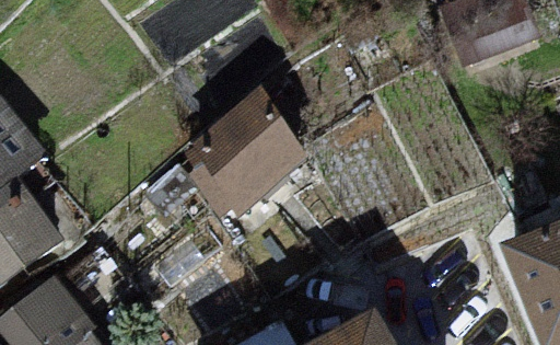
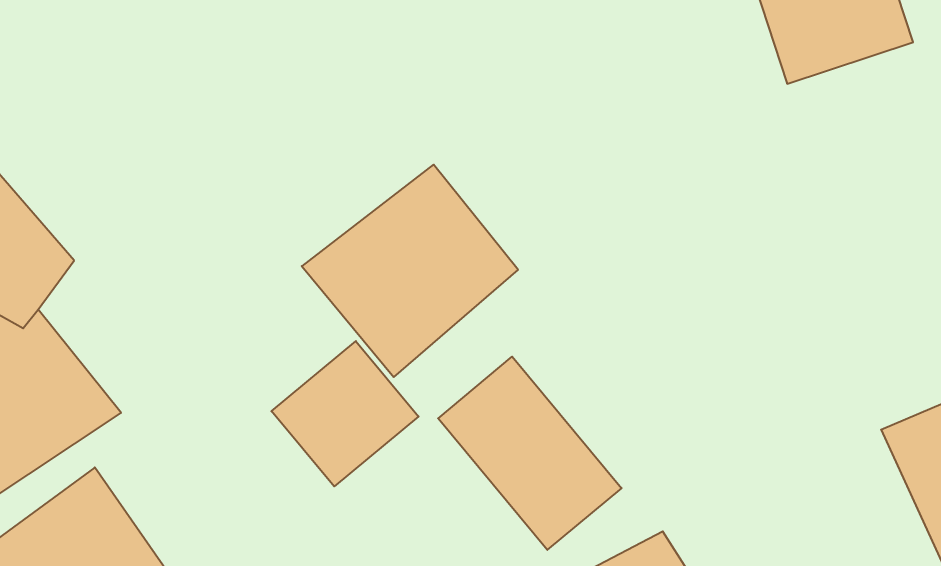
building: none -> [271,341,419,486]
building: none -> [438,357,622,550]

